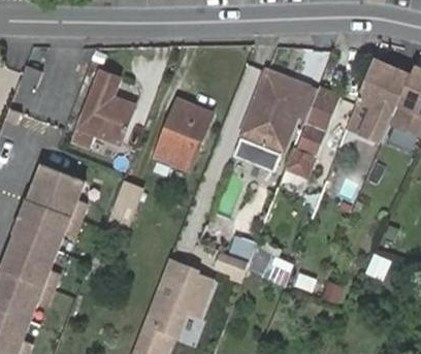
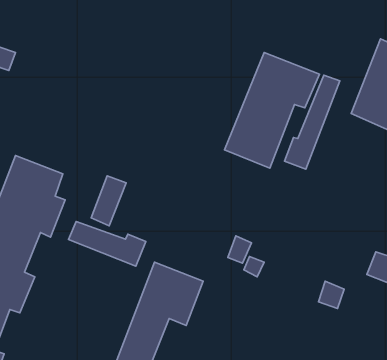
building: [73,71,135,154] -> none
building: [155,99,212,169] -> none
building: none -> [69,222,146,266]

